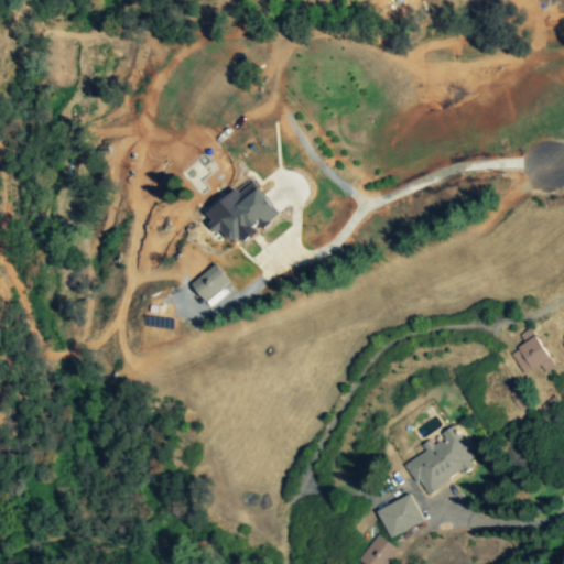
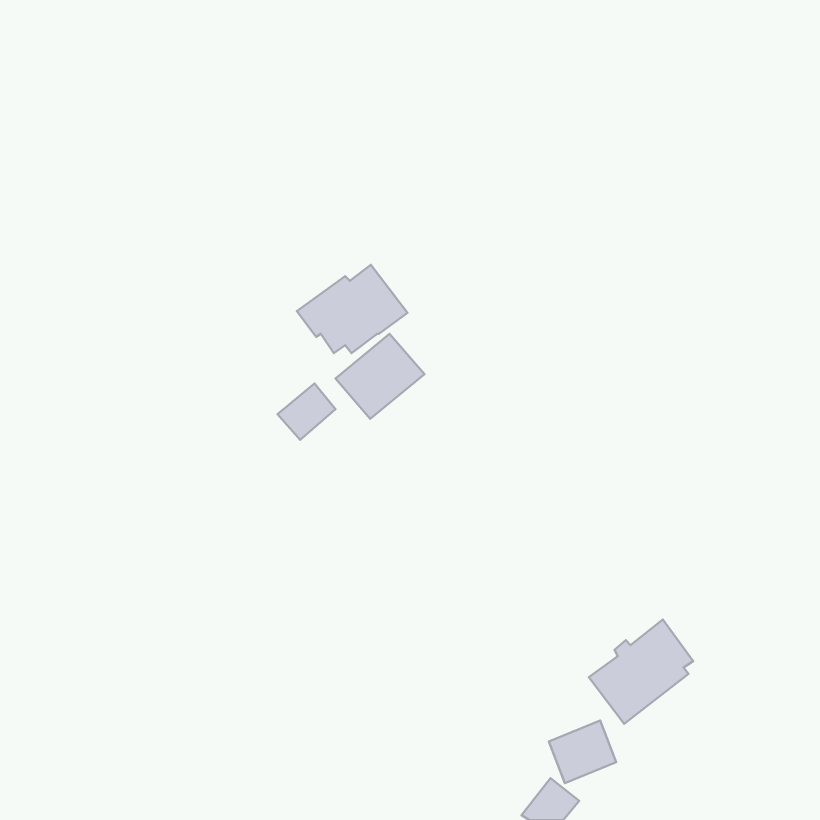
building: none -> [336,334,424,419]
building: [511,327,553,375] -> none

